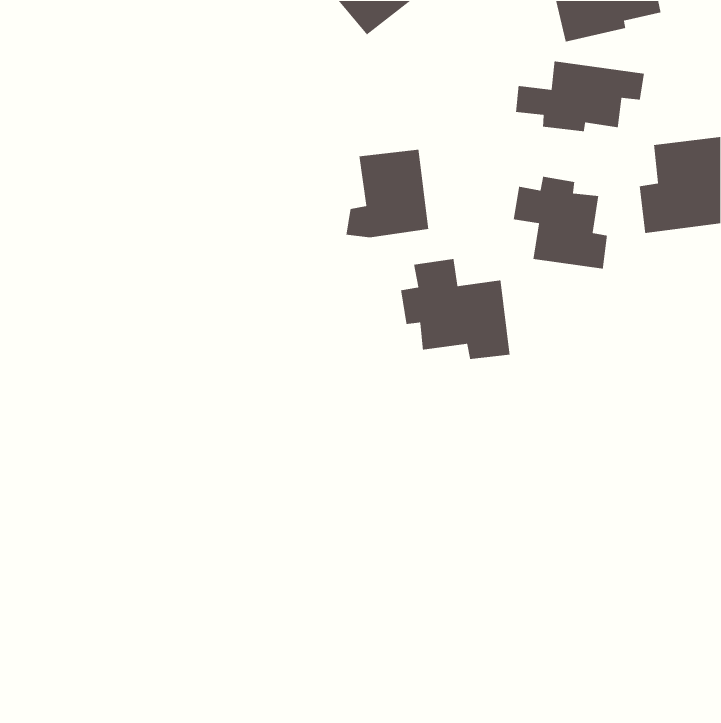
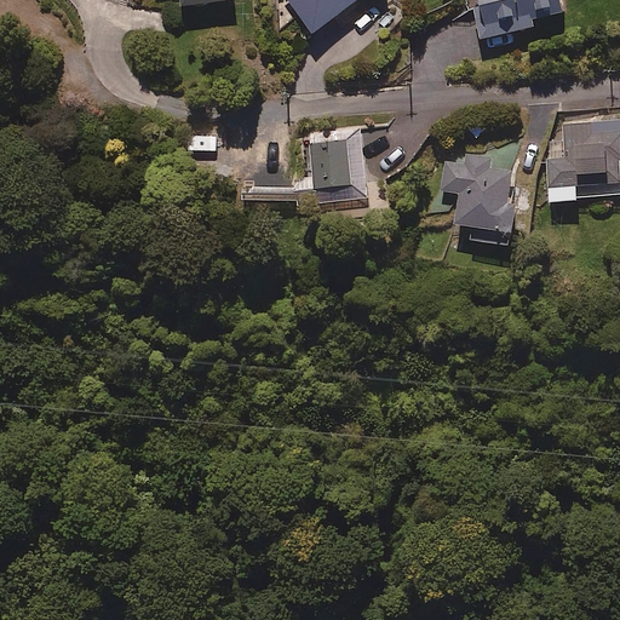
building: [515,61,645,132] -> none
building: [400,258,510,360] -> none

